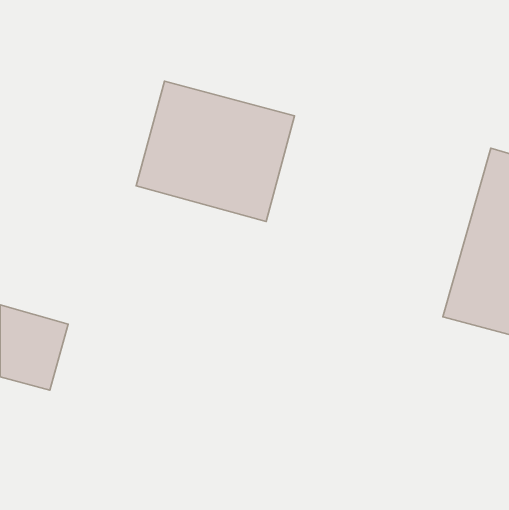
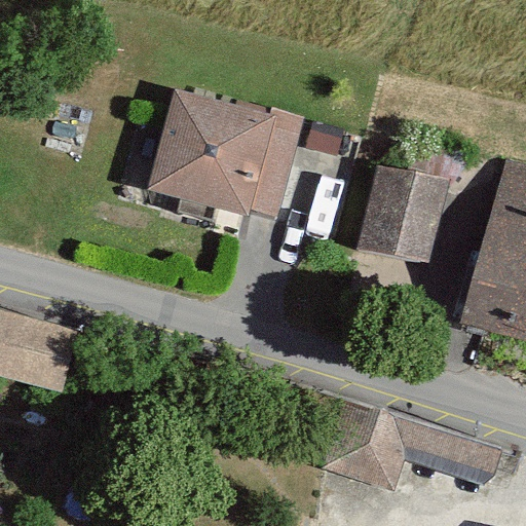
building: none -> [353,161,451,272]
building: none -> [324,405,499,491]

